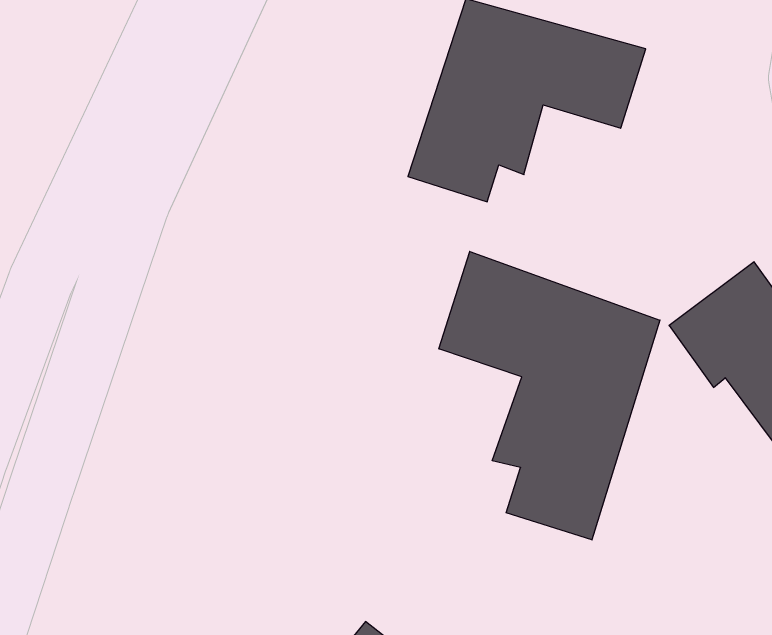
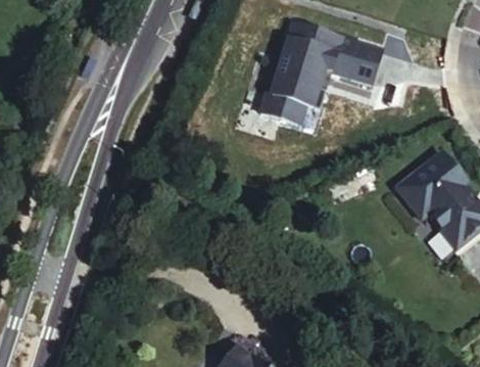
building: [439,251,660,540] -> none

